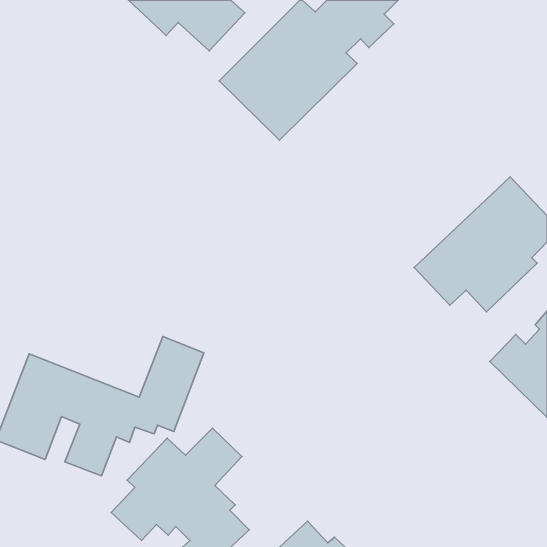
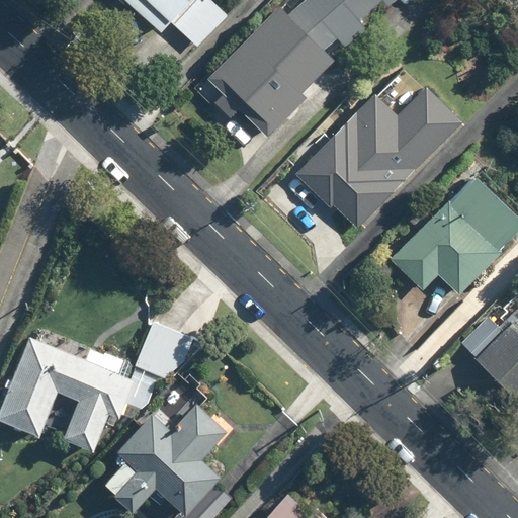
building: none -> [294,85,462,228]

